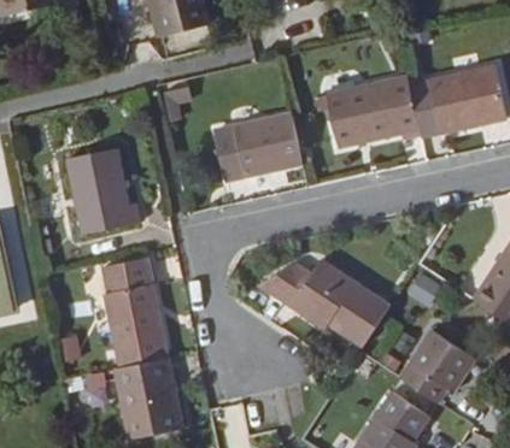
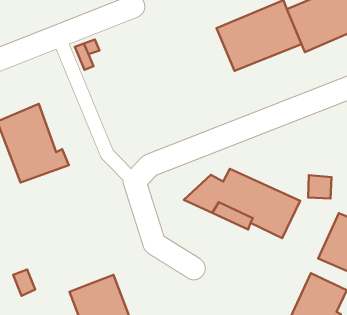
building: [215,113,303,183] -> none
building: [99,259,168,369] -> none

